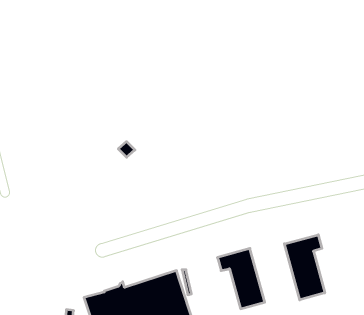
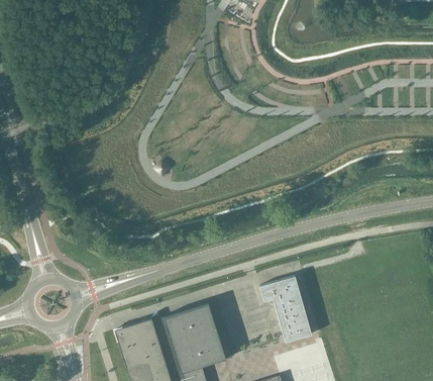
building: [284,235,325,300] -> none

